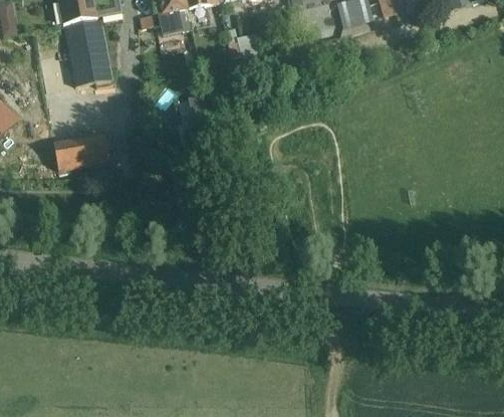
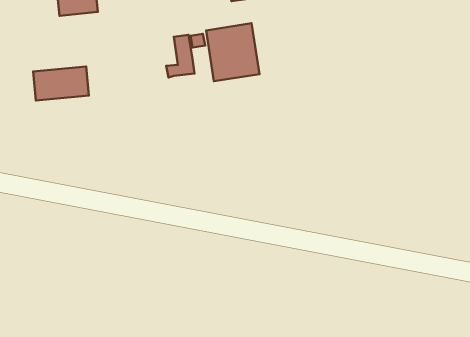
building: none -> [206,23,260,81]

